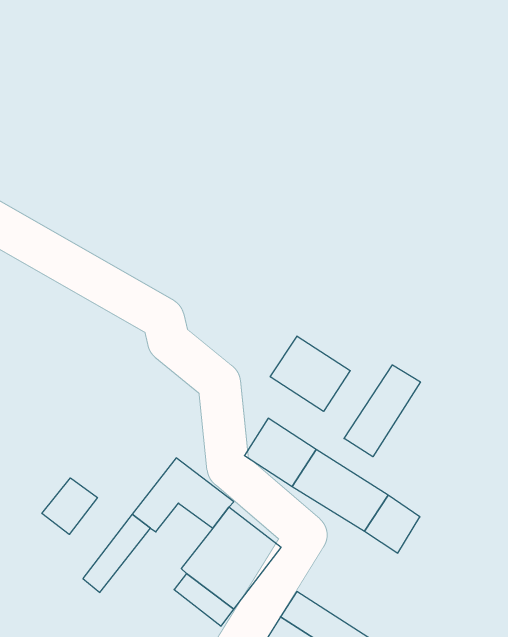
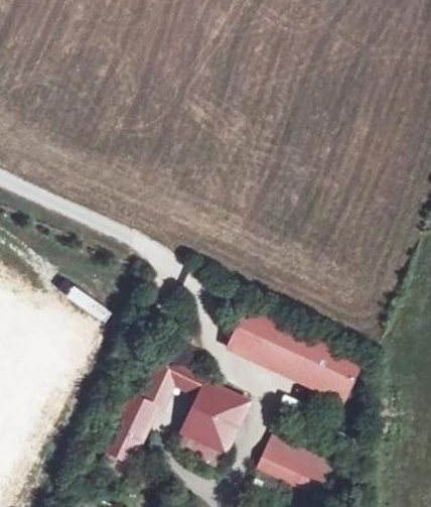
building: [270,336,350,411] -> none
building: [344,365,420,457] -> none
building: [42,478,97,534] -> none

